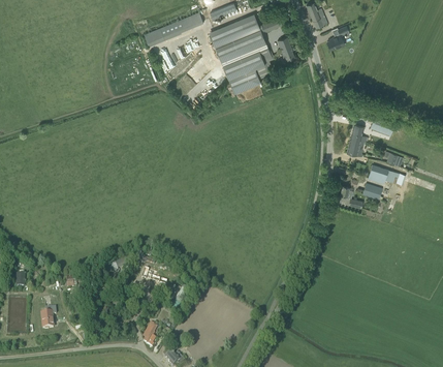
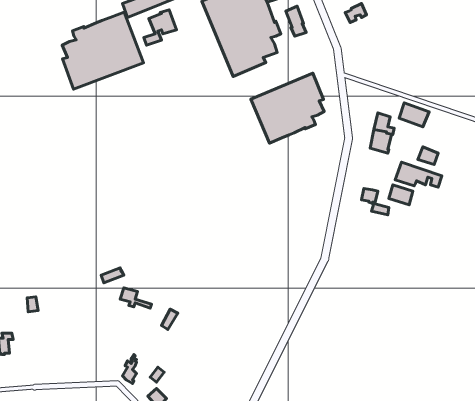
building: none -> [62,12,144,89]
building: none -> [251,73,324,143]

